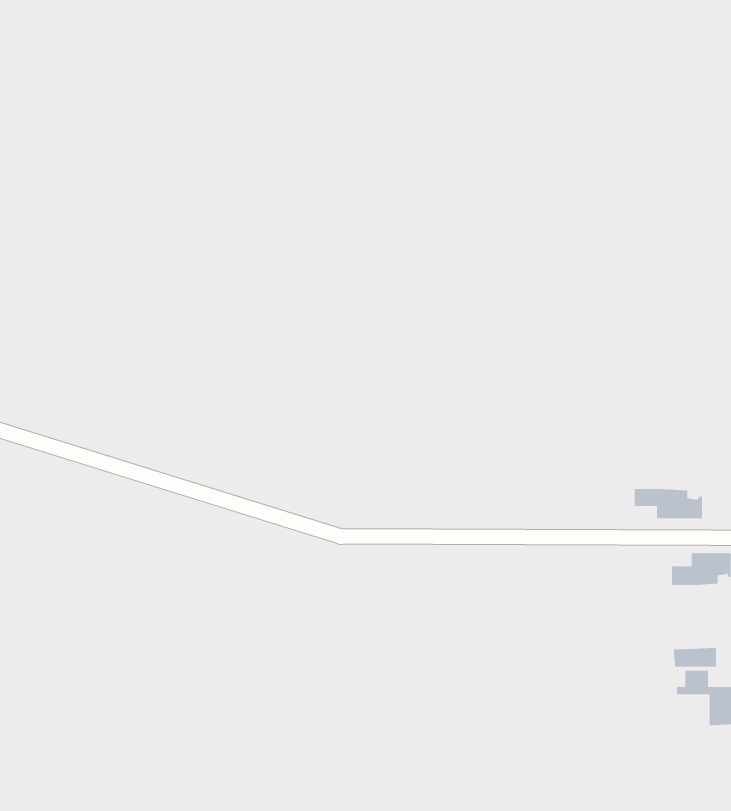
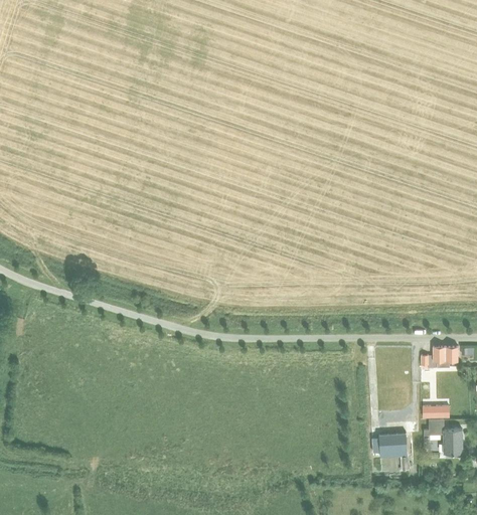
building: [634,488,703,519] -> none
building: none -> [372,434,408,457]

